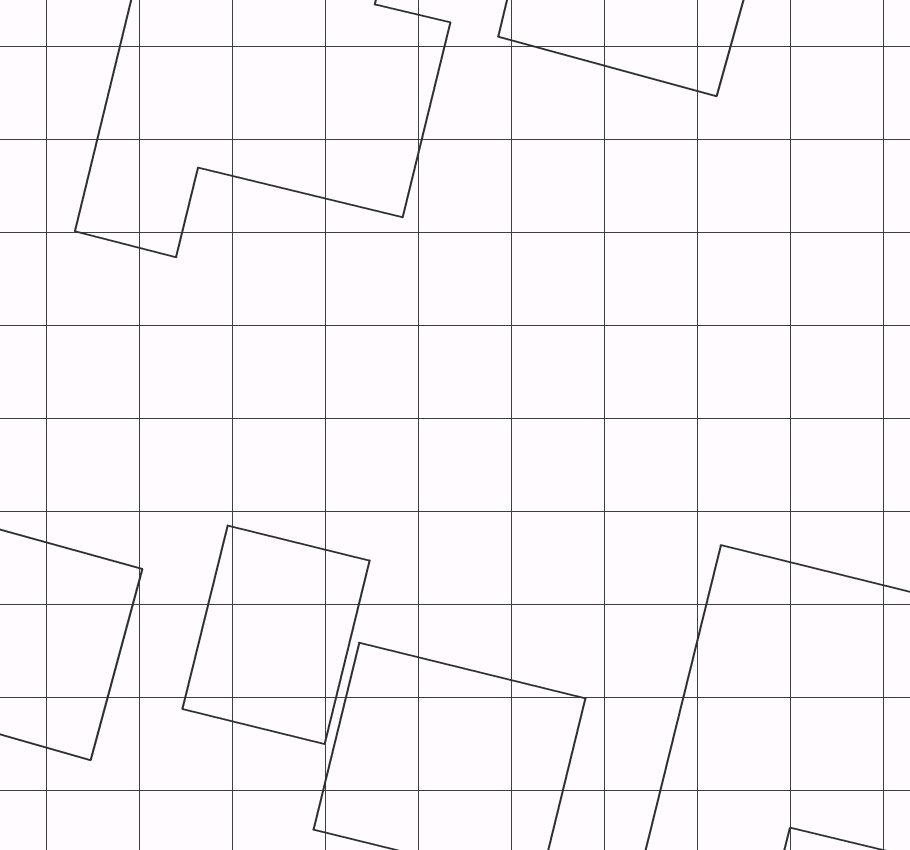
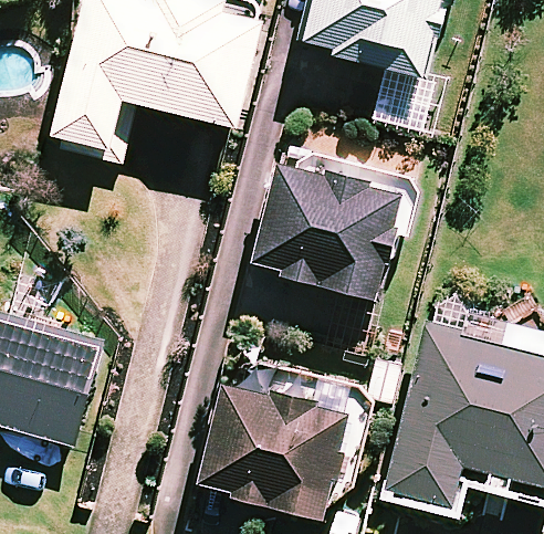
building: none -> [252,155,416,295]
building: [183,525,370,744] -> none

